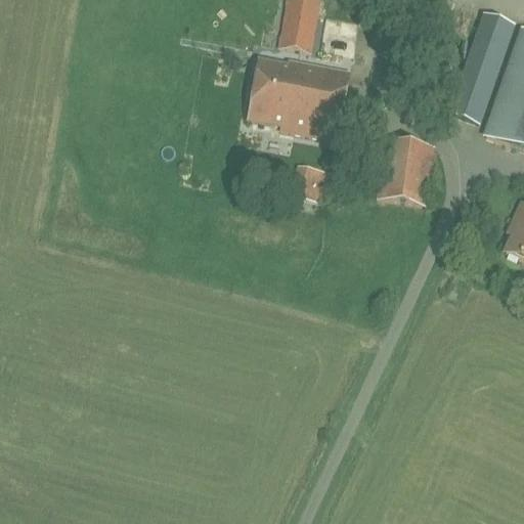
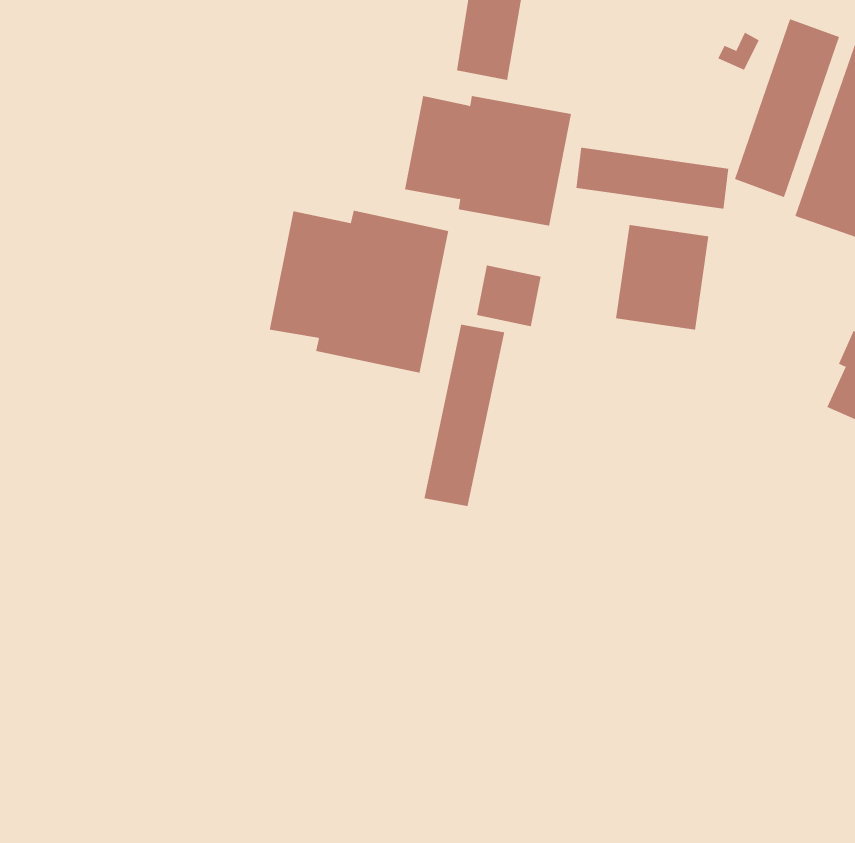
building: none -> [576,147,729,210]
building: none -> [269,210,449,373]
building: none -> [424,324,505,507]

